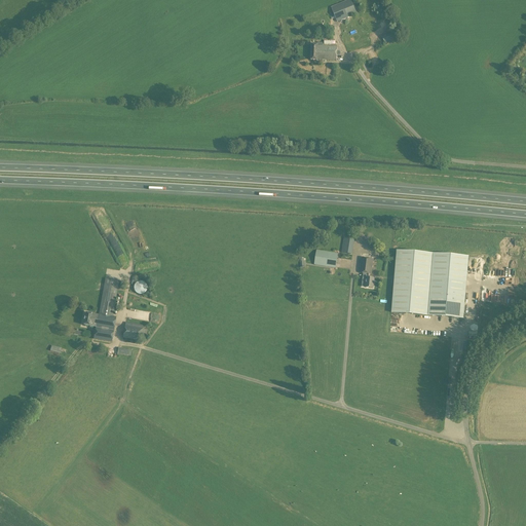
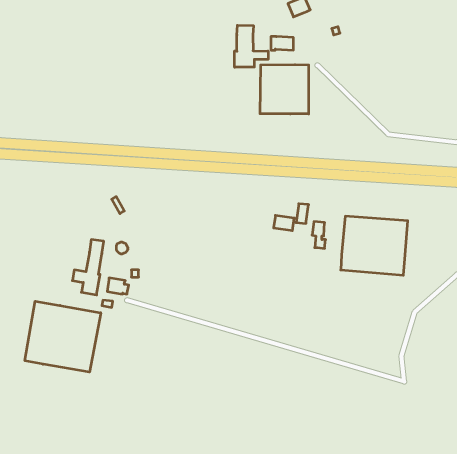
building: none -> [235,25,268,67]
building: none -> [260,65,309,114]
building: none -> [25,301,101,372]

